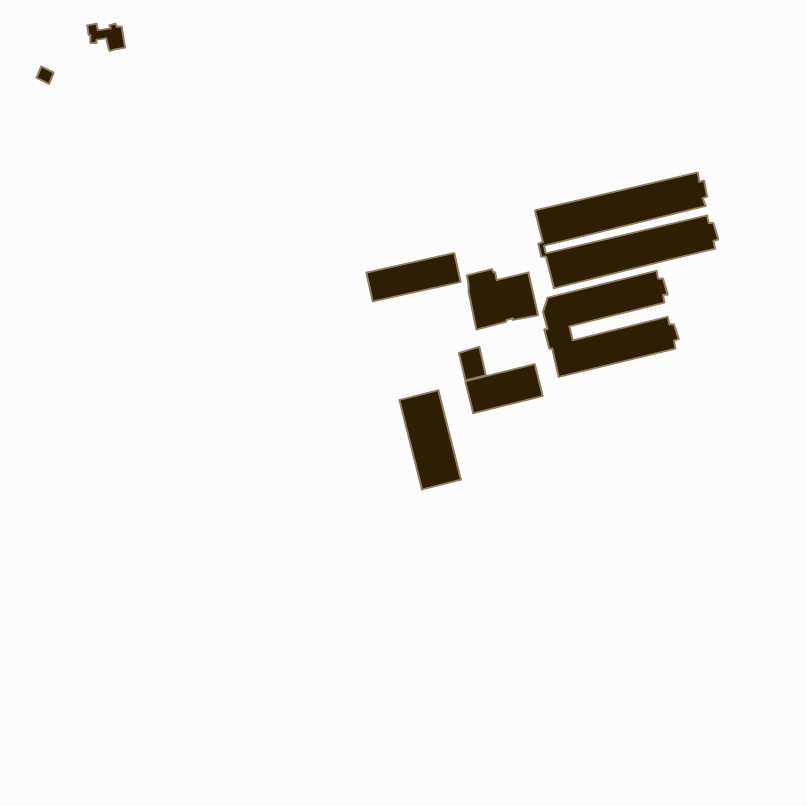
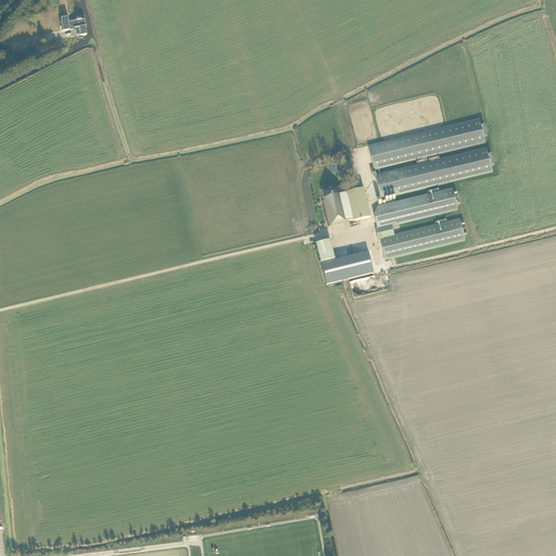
building: [367,253,461,302] -> none
building: [400,390,461,490] -> none

